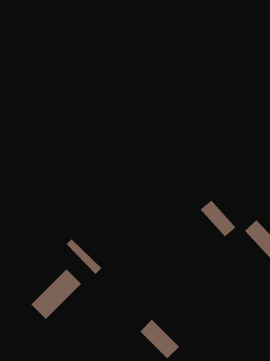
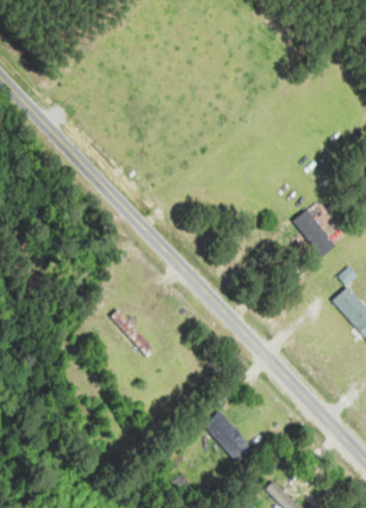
building: [200,200,236,237] -> [291,210,336,256]
building: [30,269,82,320] -> none

